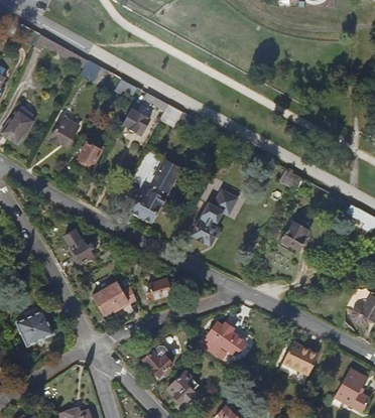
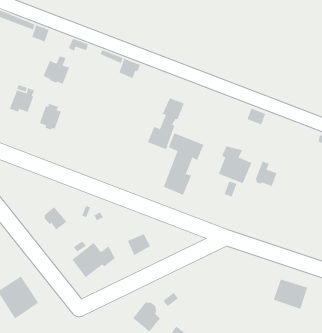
building: [123,106,151,135] -> [42,55,70,85]
building: [133,170,175,222] -> [147,97,185,150]
building: none -> [218,145,252,184]
building: [202,321,244,359] -> none

